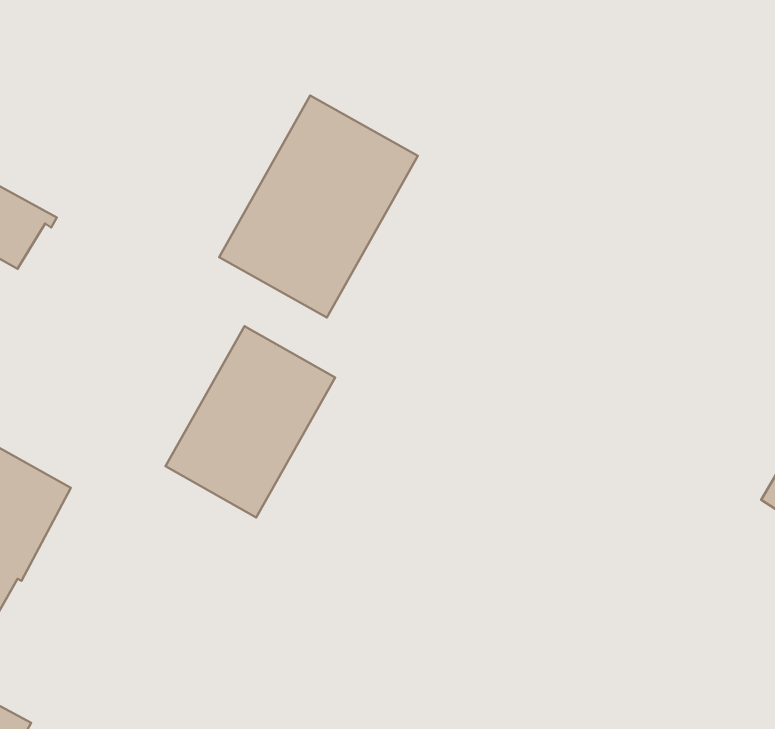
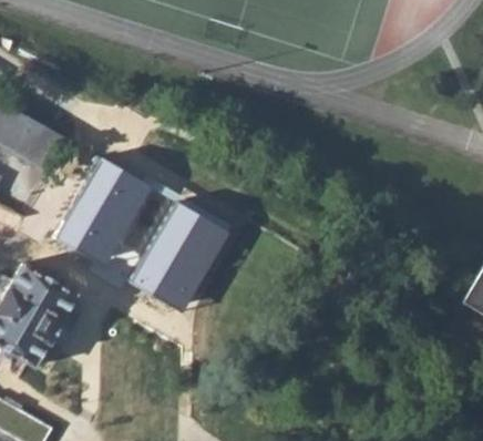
building: [219,95,418,318] -> none
building: none -> [54,155,138,259]

